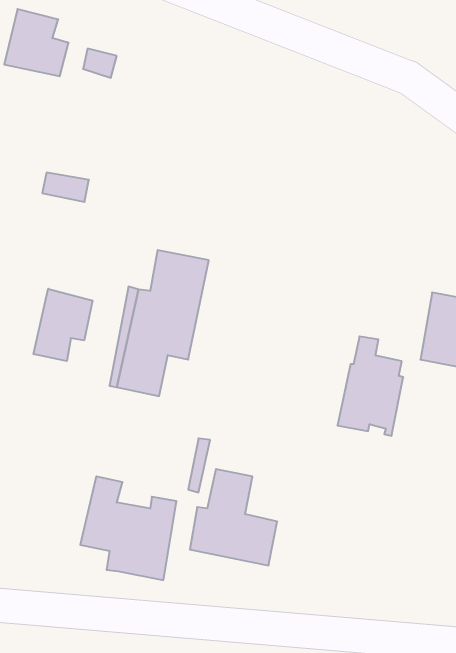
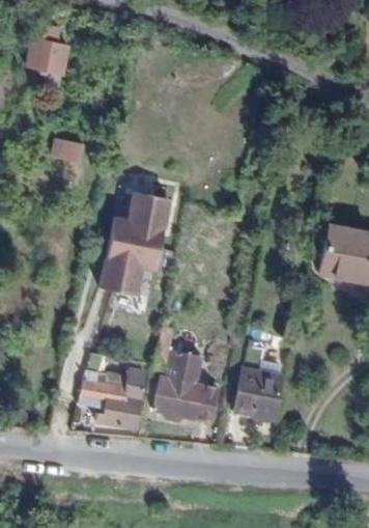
building: [34,289,92,361] -> none
building: [337,336,403,436] -> [234,349,281,419]

